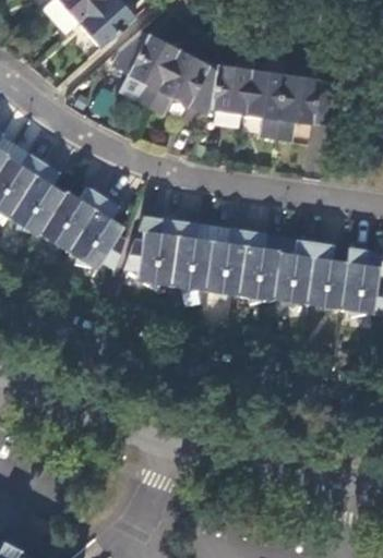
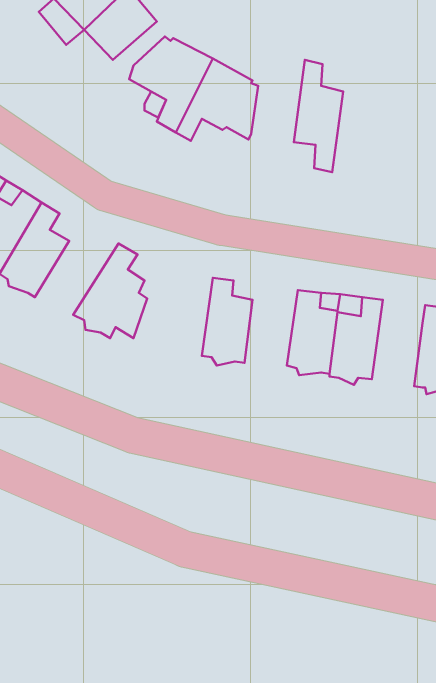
building: [212,47,254,116] -> none
building: [276,75,335,142] -> none
building: [41,186,106,253] -> none
building: [127,221,181,291] -> none
building: [206,230,249,299] -> none
building: [308,241,348,313] -> none

